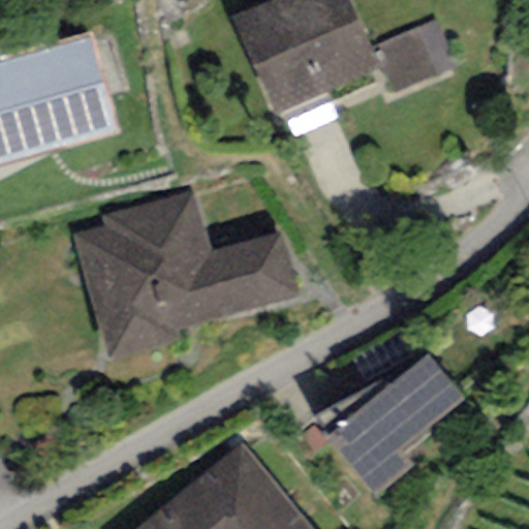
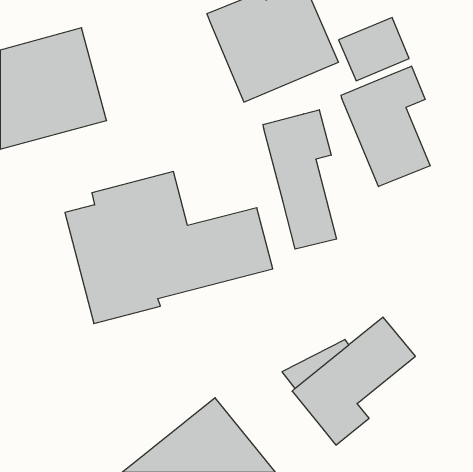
building: none -> [341,66,430,187]
building: none -> [263,110,337,249]

